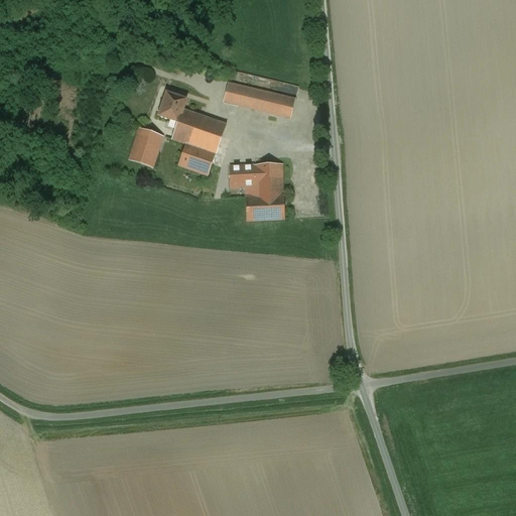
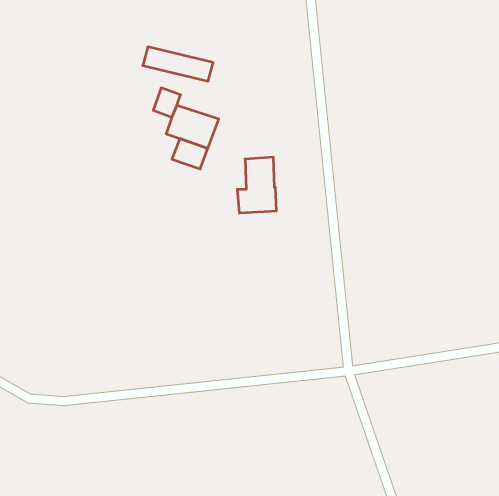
building: [223,81,295,116] -> [143,47,213,81]
building: [129,127,163,166] -> none
building: [230,164,254,196] -> none

